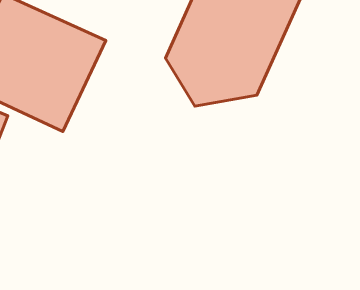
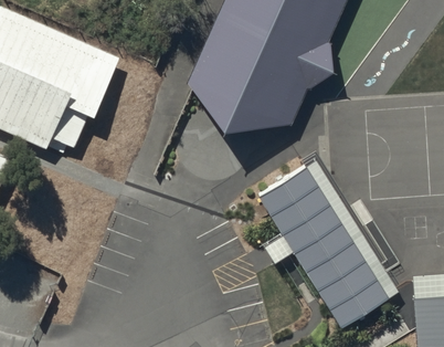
building: none -> [257,162,390,327]

